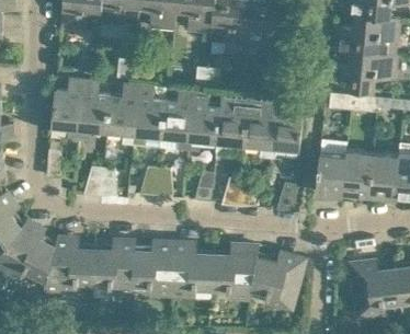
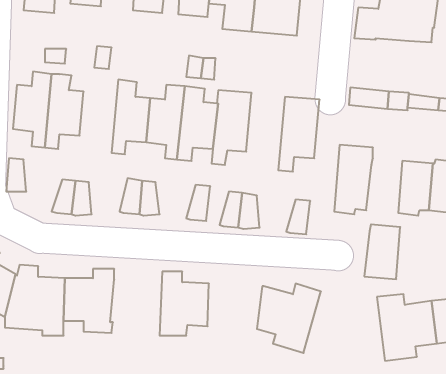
building: [329,50,396,92] -> none
building: [106,83,138,145] -> none
building: [243,95,275,159] -> none
building: [342,149,372,194] -> [364,224,400,279]
building: [132,241,174,295] -> none
building: [212,244,259,298] -> none

